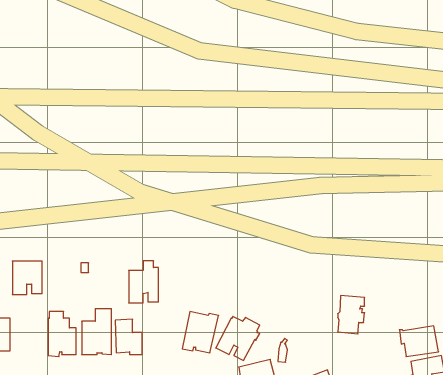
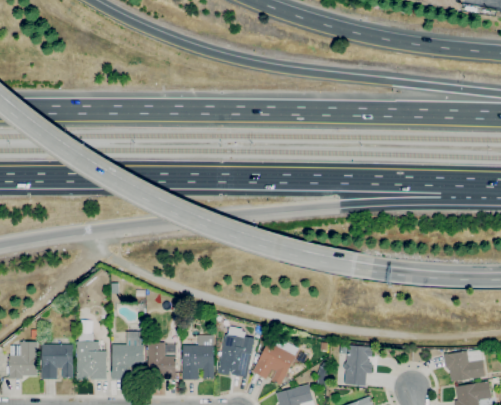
building: [129,261,158,303] -> [183,335,214,379]
building: [12,261,42,295] -> [42,344,73,379]
building: [338,296,365,334] -> [344,345,372,385]

